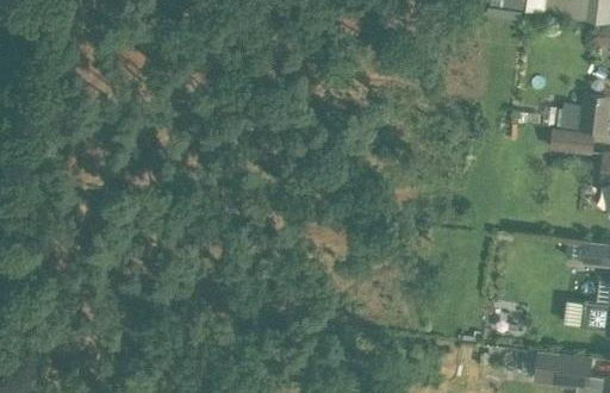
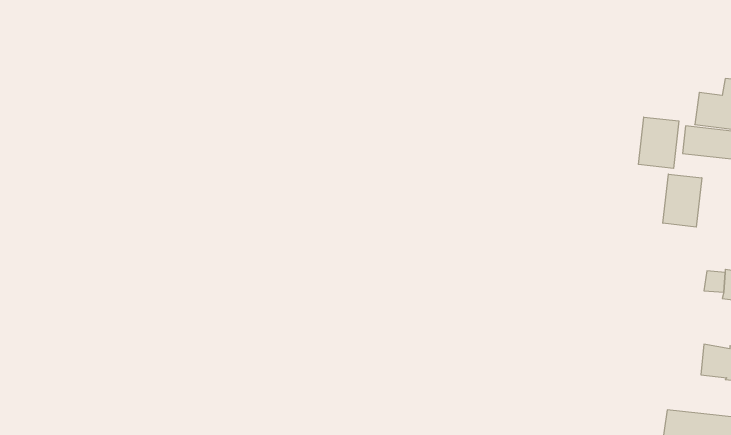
building: none -> [638,117,679,168]
building: none -> [663,174,702,227]

